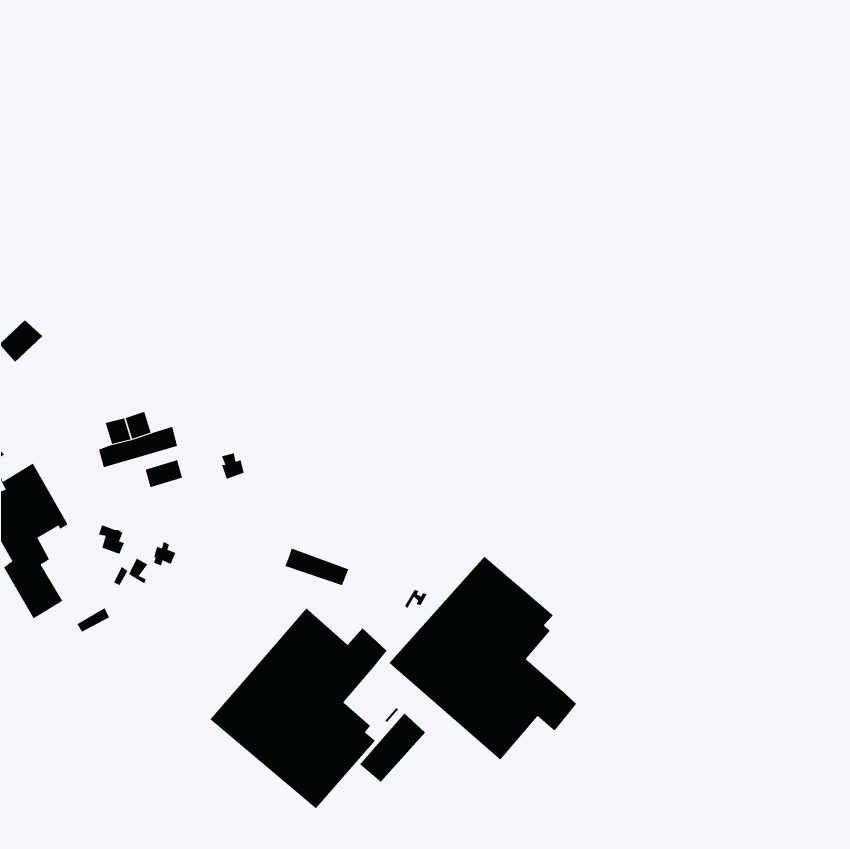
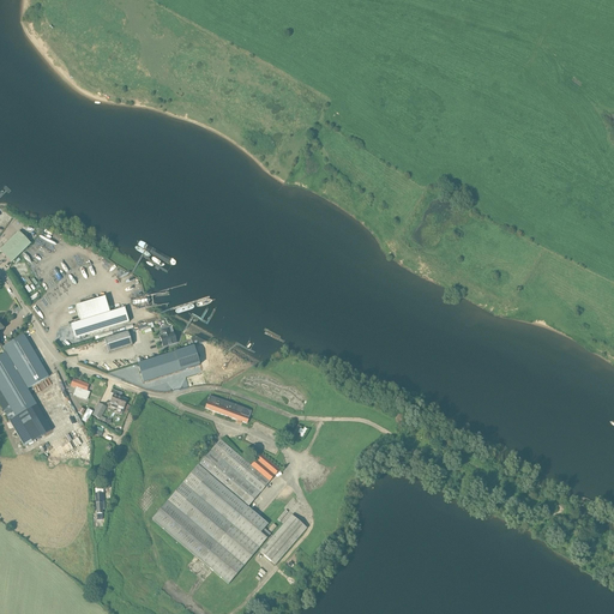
building: none -> [138,345,199,381]
building: [389,556,577,761] -> none

